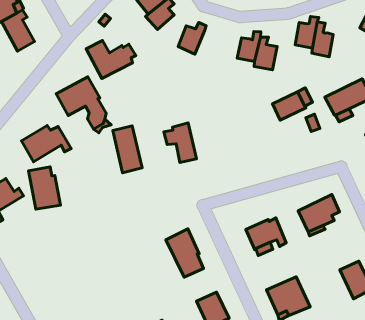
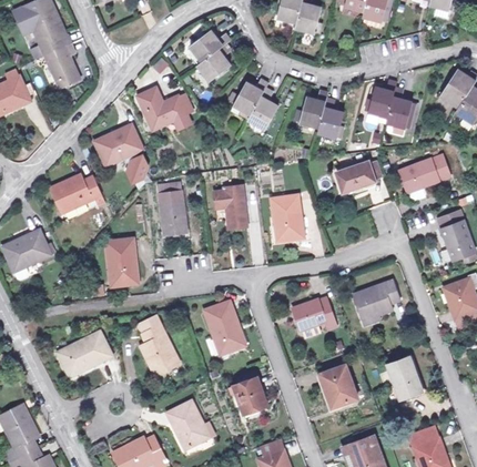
building: none -> [253,84,281,123]
building: none -> [270,194,302,241]
building: [28,167,61,209] -> [102,241,134,286]
building: none -> [141,314,181,372]
building: none -> [59,327,114,370]

